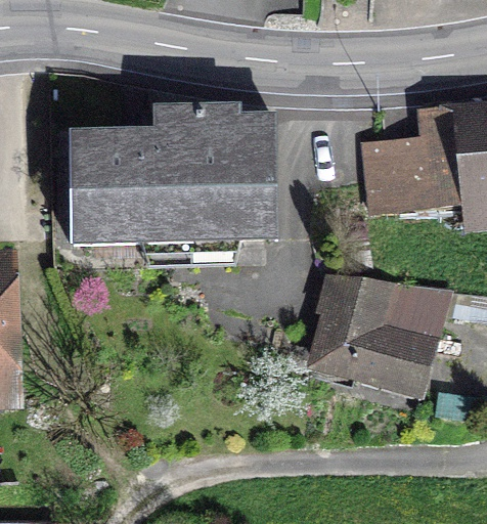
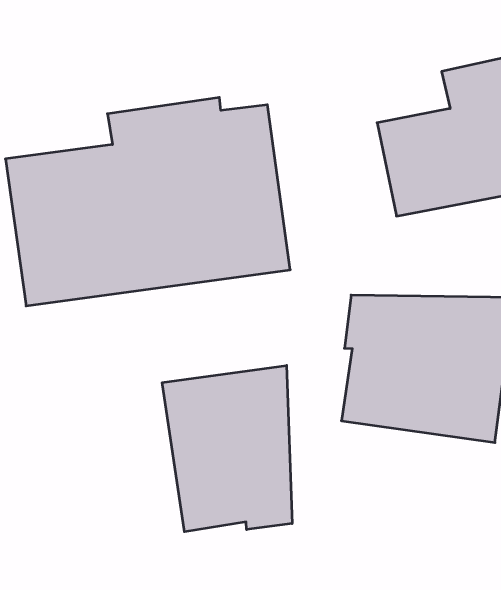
building: none -> [162,365,292,532]

